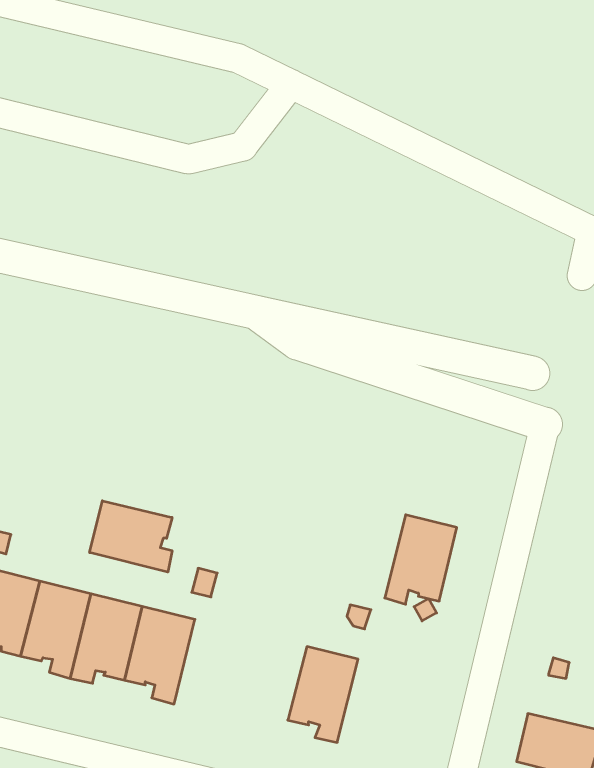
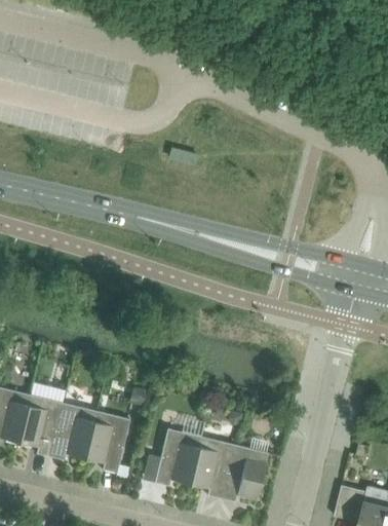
building: [90,501,172,572] -> none
building: [385,515,457,604] -> [221,445,267,502]
building: none -> [154,428,201,486]

